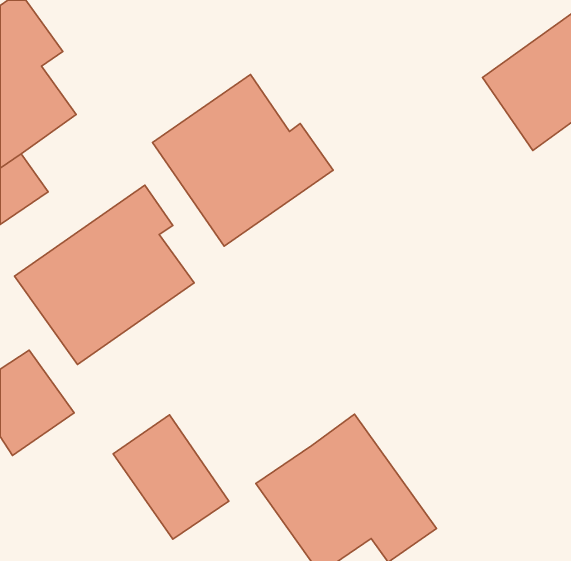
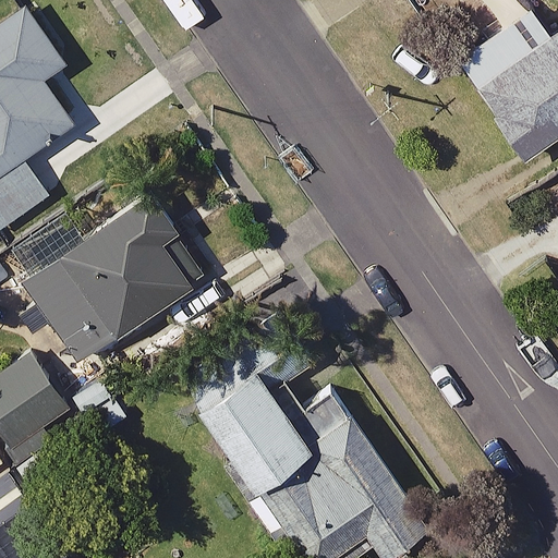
building: [152,75,333,246] -> none
building: [113,415,229,539] -> [193,361,305,482]

